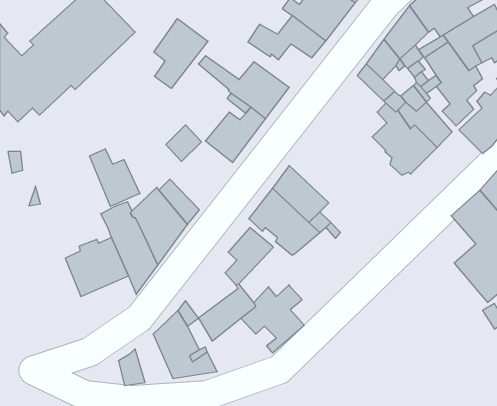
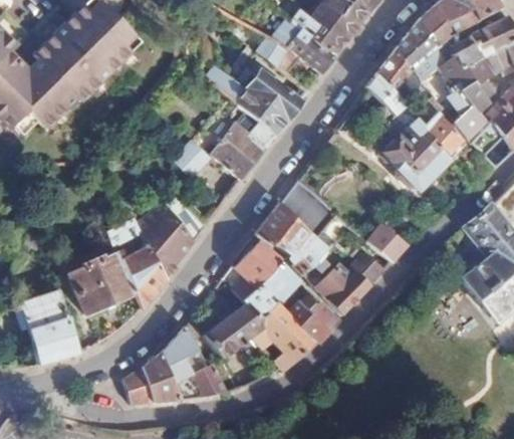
building: [154,19,208,88] -> none
building: [89,149,140,207] -> none
building: none -> [367,225,414,261]
building: none -> [315,253,383,314]
building: none -> [247,262,298,318]
building: none -> [12,283,78,362]
building: none -> [299,294,336,342]
building: none -> [142,351,180,400]

